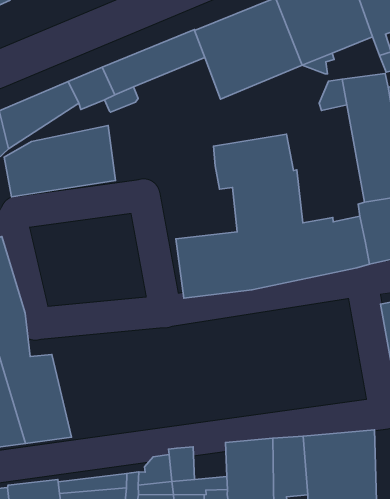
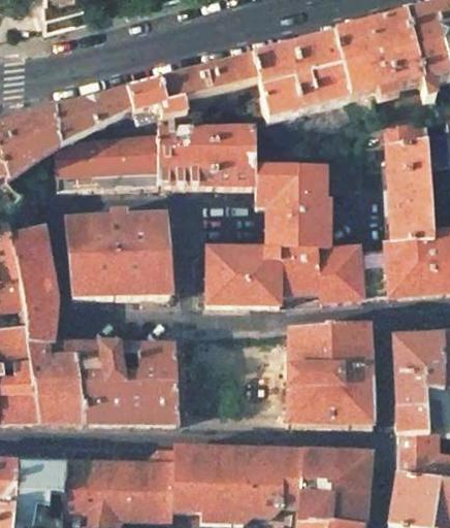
building: none -> [158,125,255,185]
building: none -> [66,216,171,296]
building: none -> [287,324,373,425]
building: none -> [75,340,180,422]
building: none -> [194,444,228,477]

